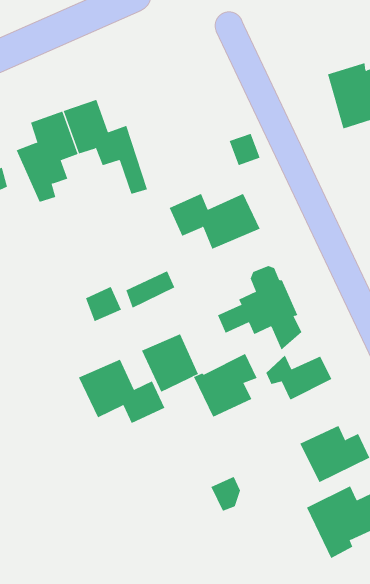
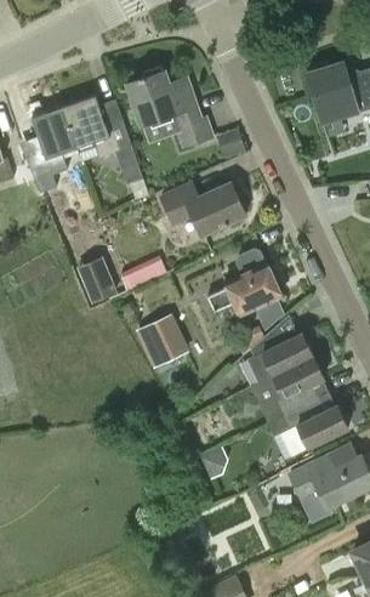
building: none -> [126,70,214,147]
building: [193,353,257,417] -> [264,356,324,415]
building: [78,359,165,424] -> none

